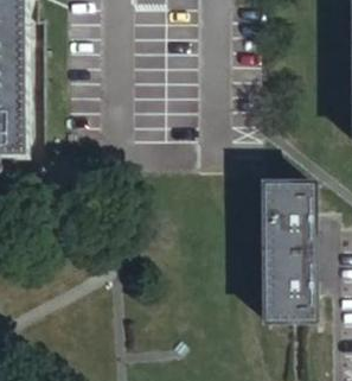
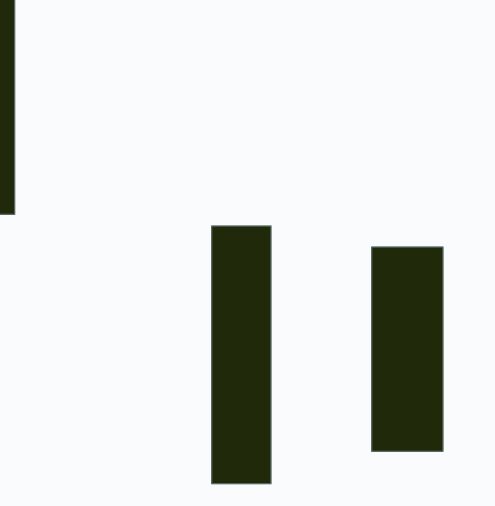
building: none -> [212,226,271,484]

